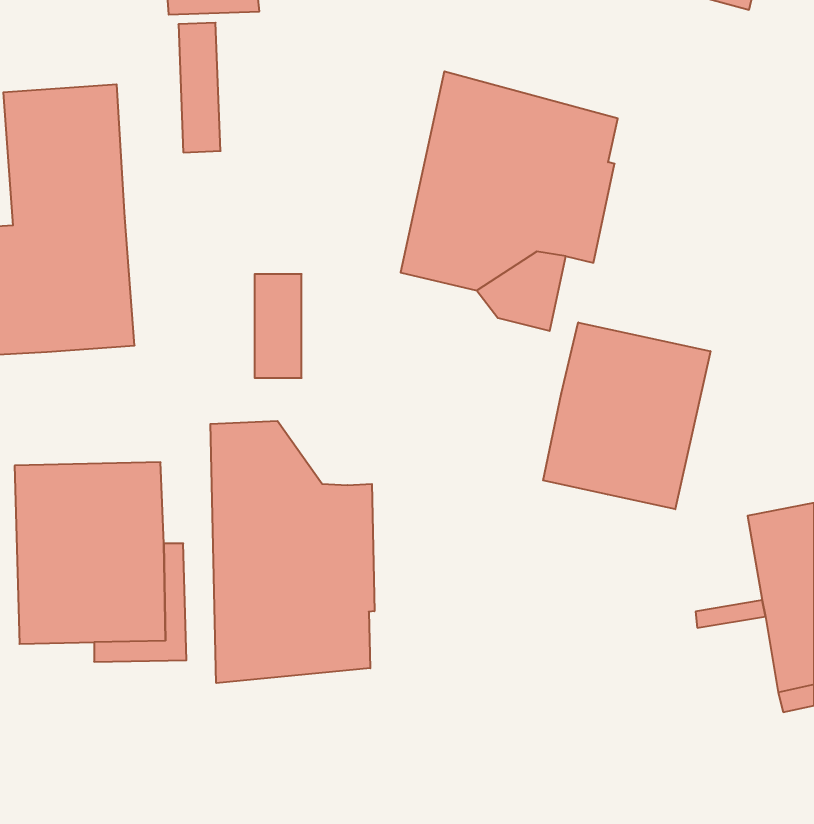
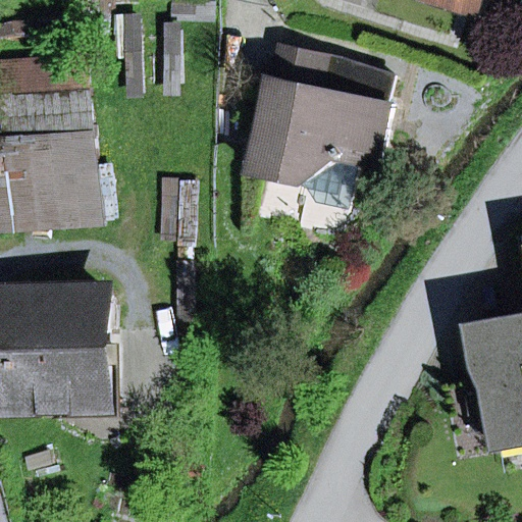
building: [543,322,710,509] -> none
building: [210,421,374,683] -> none

